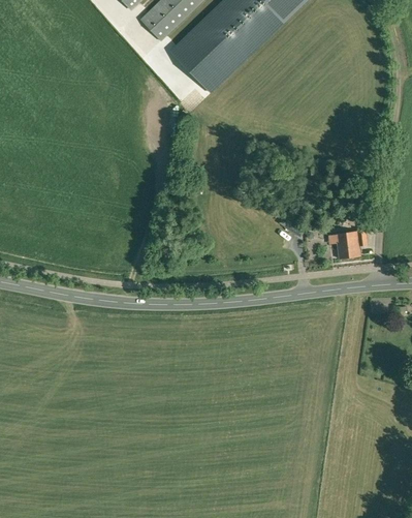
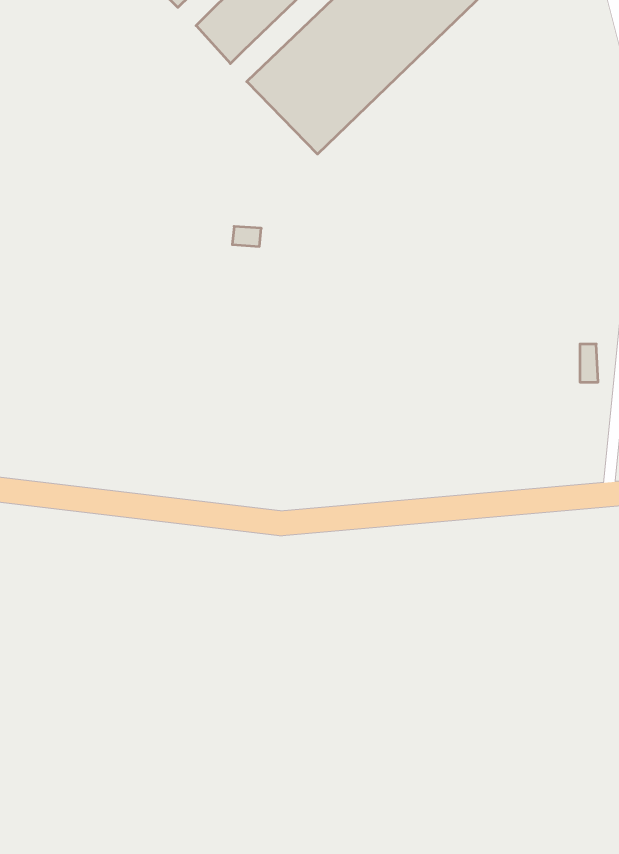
building: [335,230,366,257] -> none

